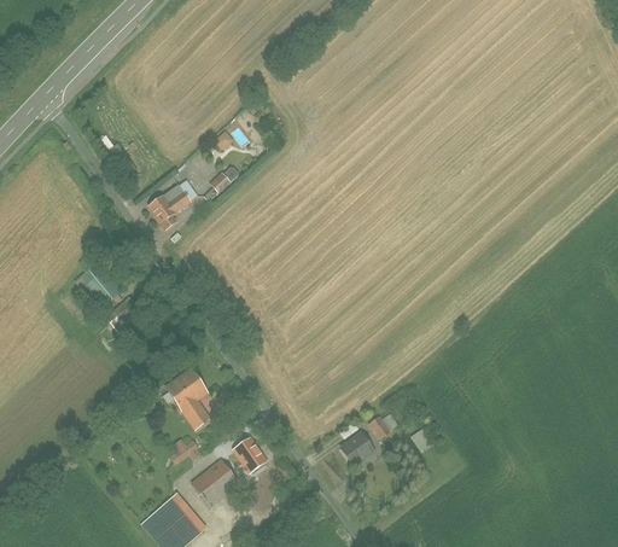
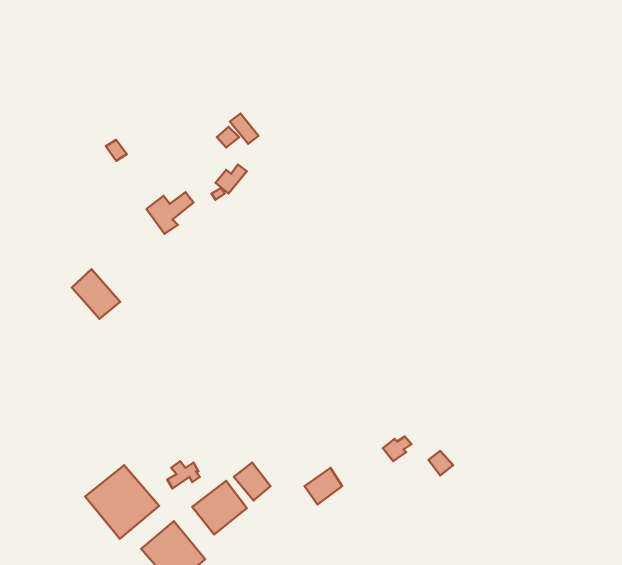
building: [167,373,210,431] -> none
building: [339,430,374,464] -> [304,468,342,505]
building: none -> [85,465,159,539]

